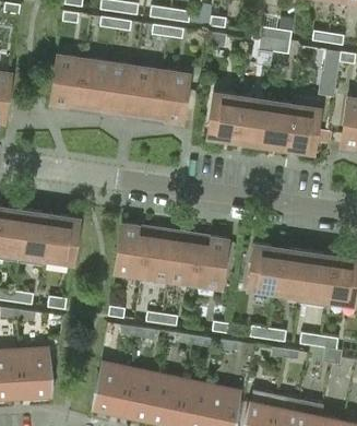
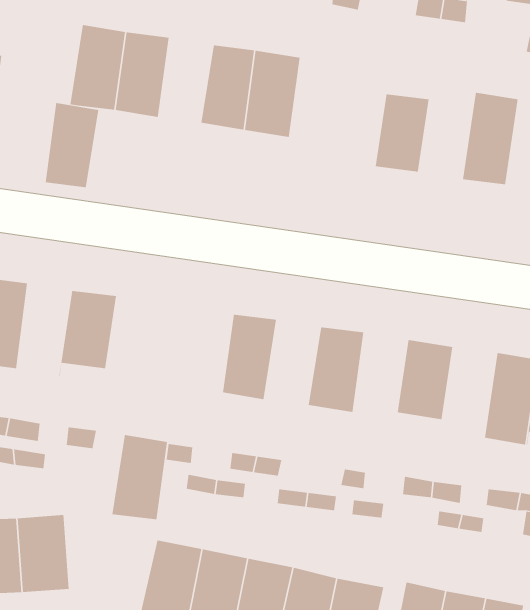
building: [104,62,136,114] -> [45,102,99,188]
building: [207,92,240,140] -> none
building: [260,95,294,147] -> none
building: [19,210,51,265] -> none
building: [115,224,148,275] -> [112,434,168,520]
building: [167,232,201,283] -> none
building: [274,248,307,303] -> none

